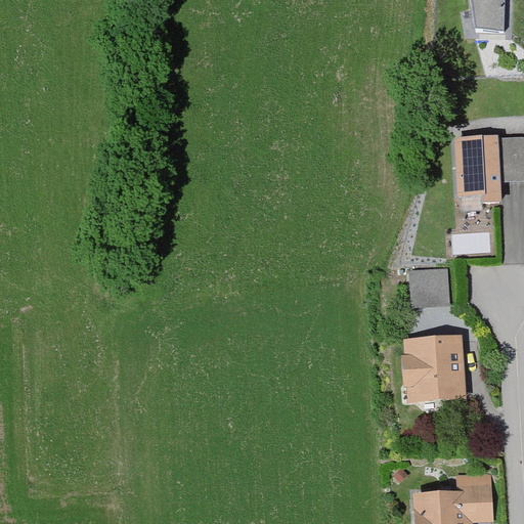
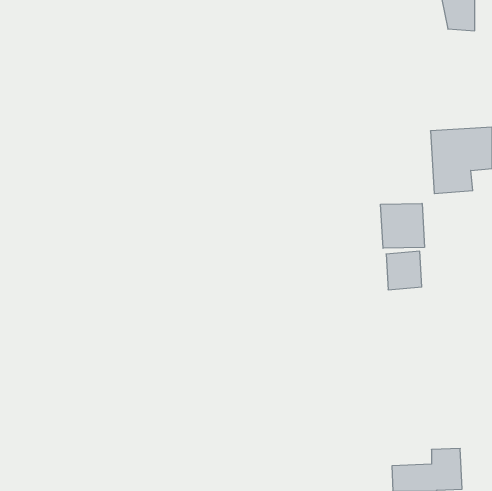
building: none -> [381,203,424,248]
building: [404,334,464,401] -> none

